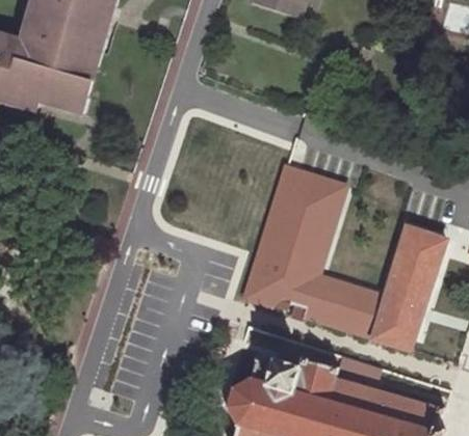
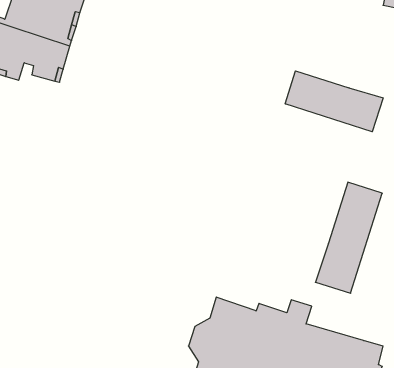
building: none -> [285,71,383,132]
building: [244,165,383,336] -> none

